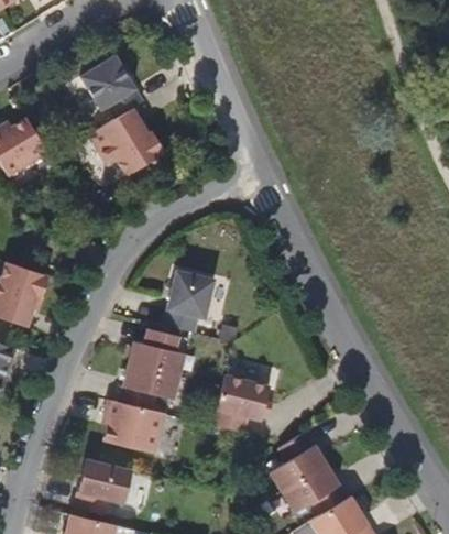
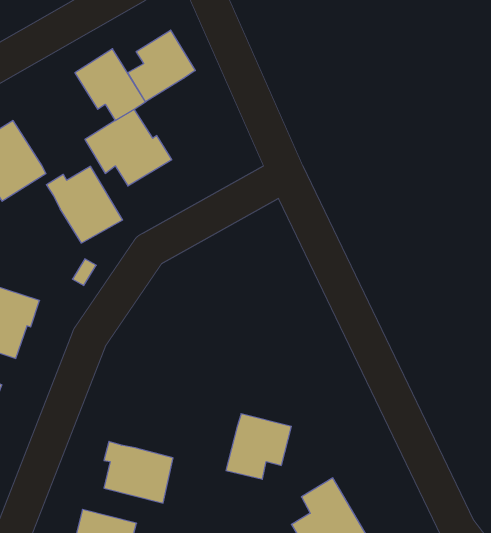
building: none -> [128,30,195,102]
building: none -> [46,166,123,243]
building: [165,270,213,331] -> none
building: [121,327,185,413] -> none

